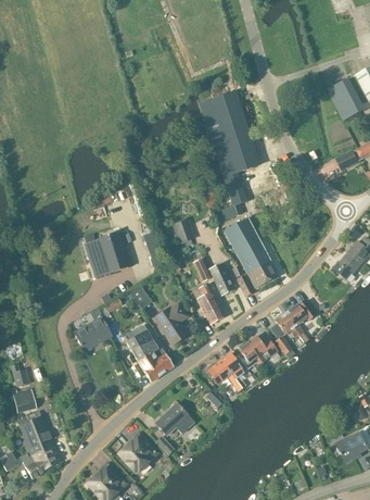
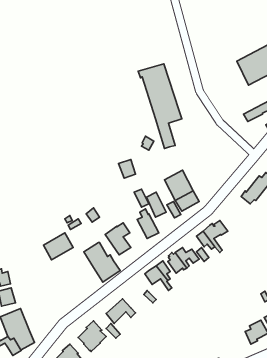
building: [224,218,256,247] -> none
building: [93,232,132,275] -> none

